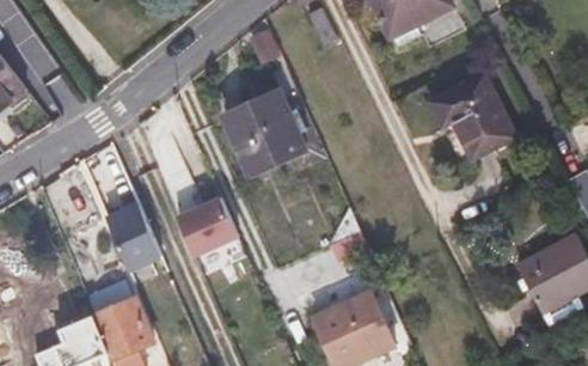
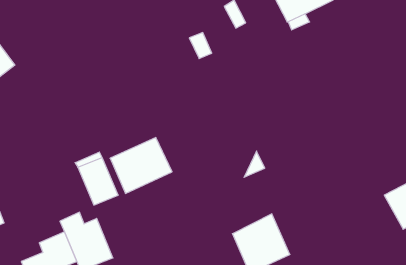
building: [428,75,515,159] -> none
building: [225,89,314,170] -> none

